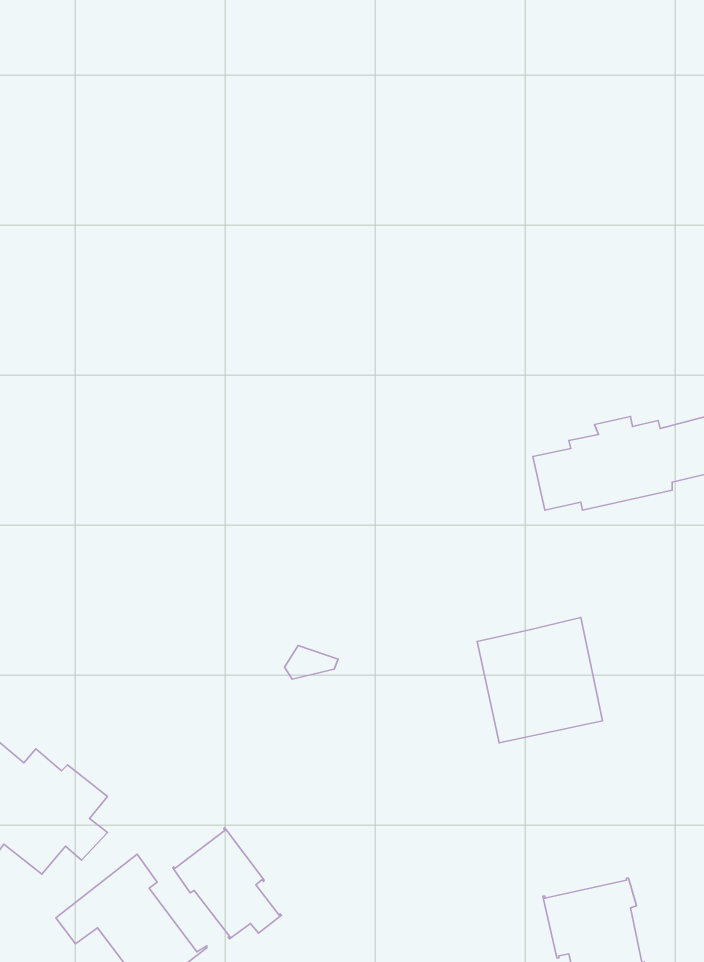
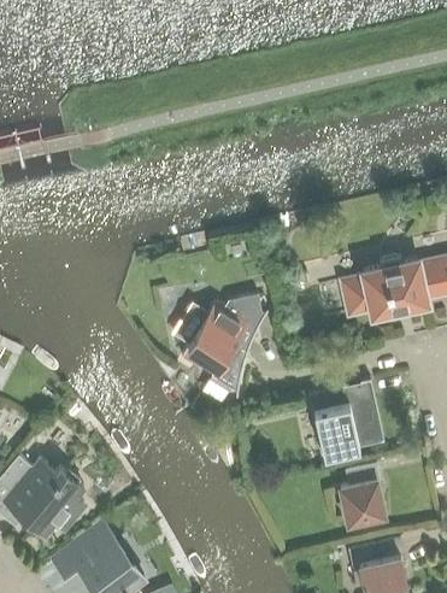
building: none -> [172,295,267,399]
building: none -> [340,464,384,524]
building: [173,828,281,939] -> none

